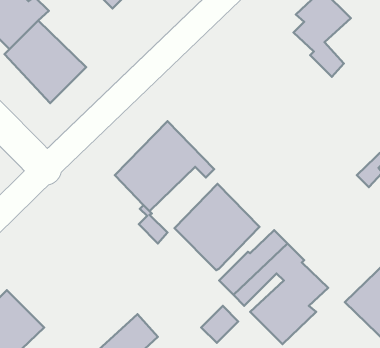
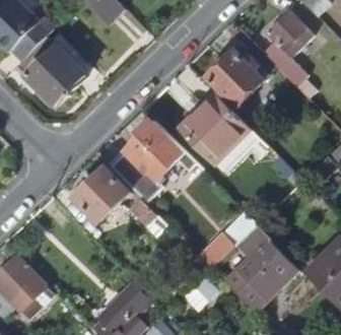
building: none -> [207,48,263,105]
building: none -> [73,168,129,223]
building: [174,184,259,270] -> [179,92,251,165]

